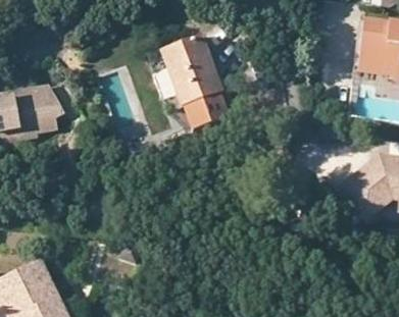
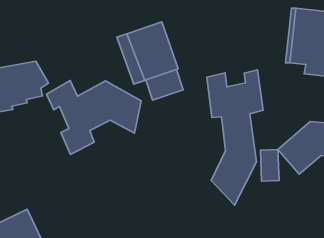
building: none -> [207,70,263,205]
building: none -> [47,81,141,155]
building: none -> [260,149,279,181]

